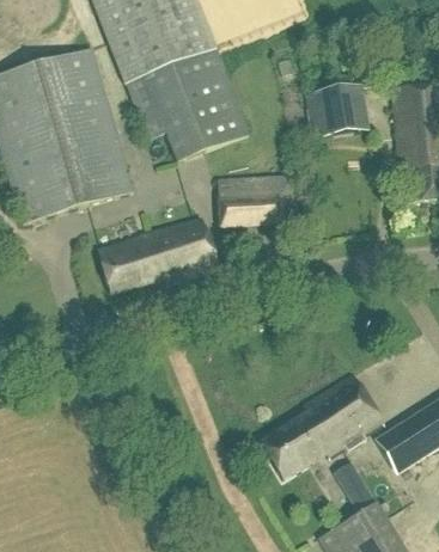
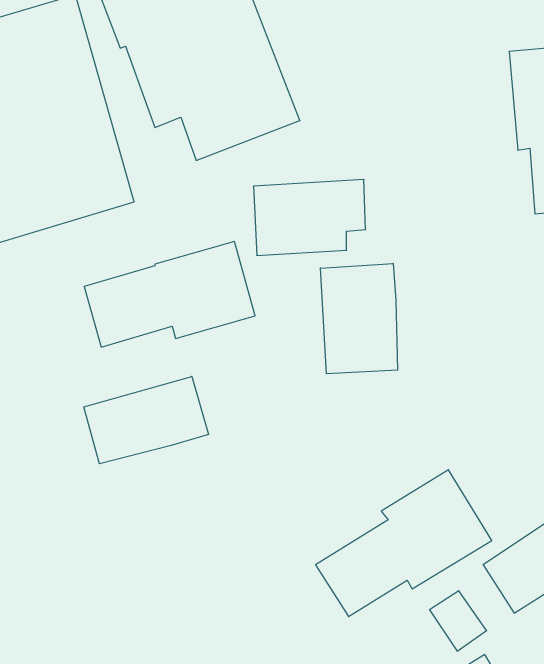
building: [305,84,370,139] -> none
building: none -> [320,263,398,374]
building: none -> [84,376,209,464]

